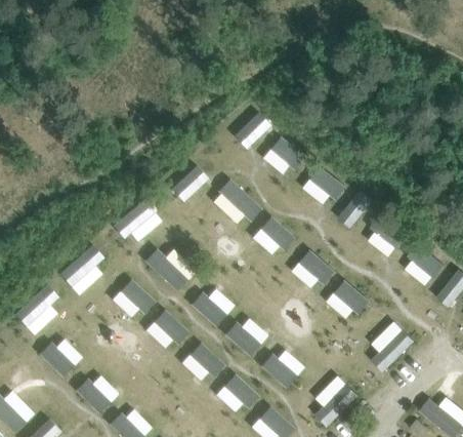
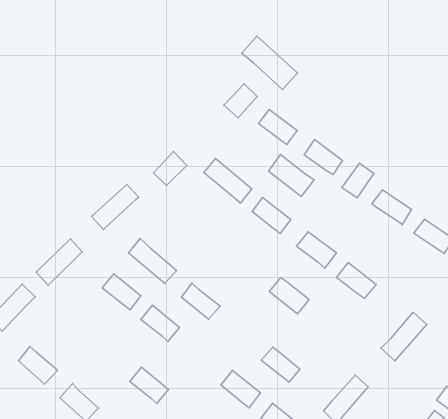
building: none -> [242,36,298,90]
building: none -> [269,154,314,197]
building: [225,322,261,356] -> [269,278,309,314]
building: [190,343,224,376] -> [130,367,168,403]

